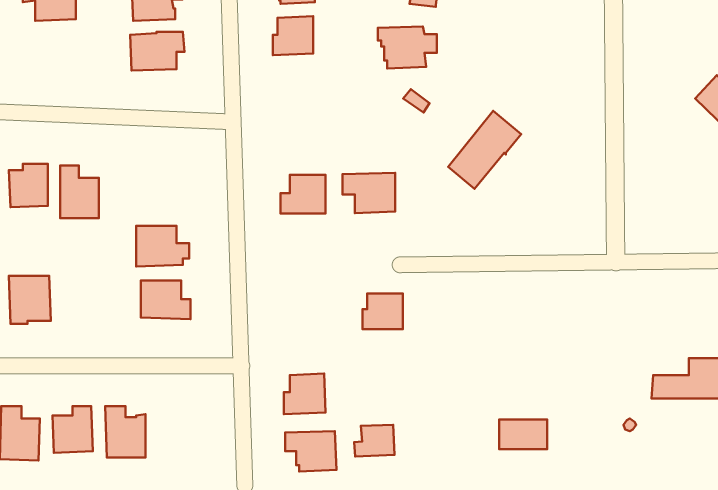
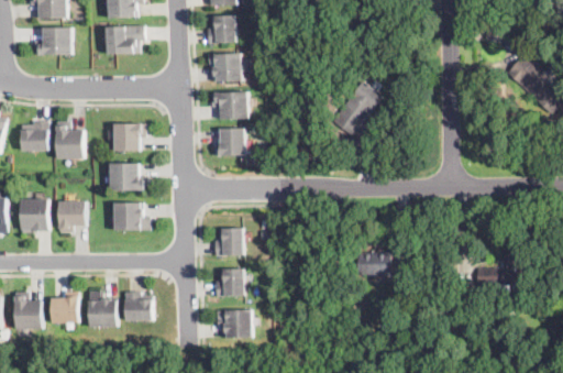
building: [378,26,437,68] -> [208,53,250,83]
building: none -> [35,29,71,54]
building: none -> [113,123,145,151]
building: [342,173,395,213] -> [210,91,247,120]
building: none -> [58,200,85,232]
building: [362,294,403,329] -> [213,229,242,254]
building: none -> [124,292,152,321]
building: [499,420,547,449] -> [356,254,390,275]
building: [354,425,394,457] -> none

